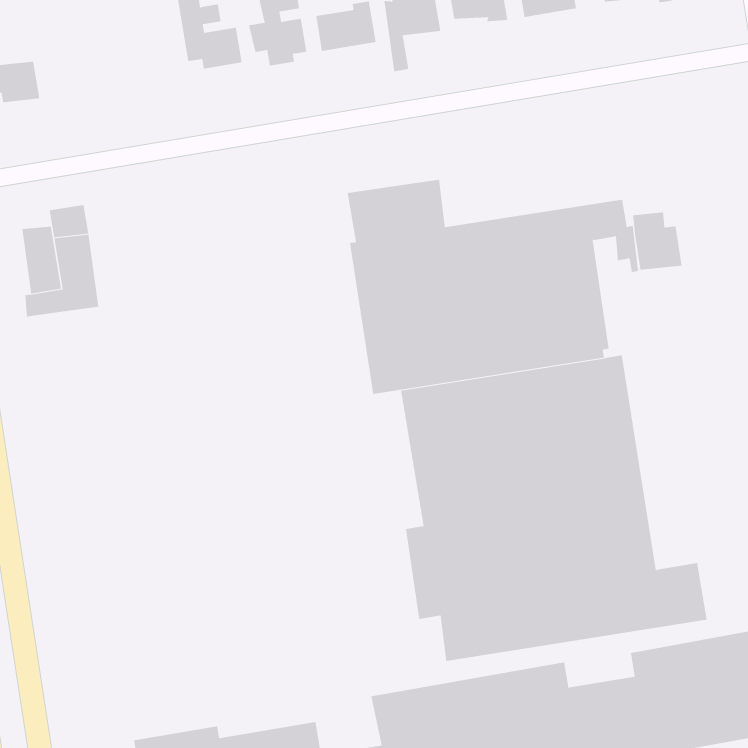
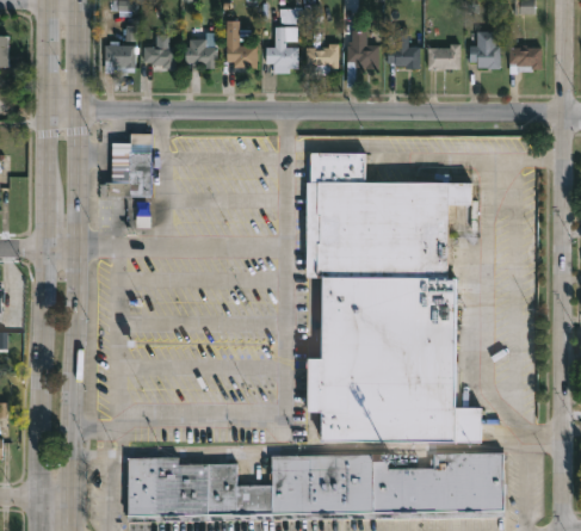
building: none -> [185,31,218,68]
building: none -> [144,47,177,68]
building: [633,212,682,270] -> none

